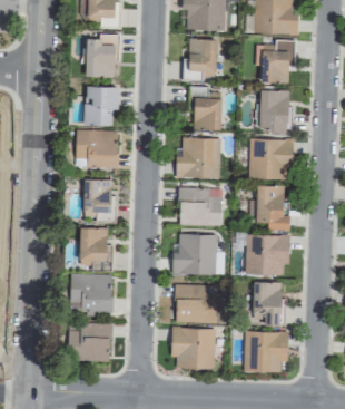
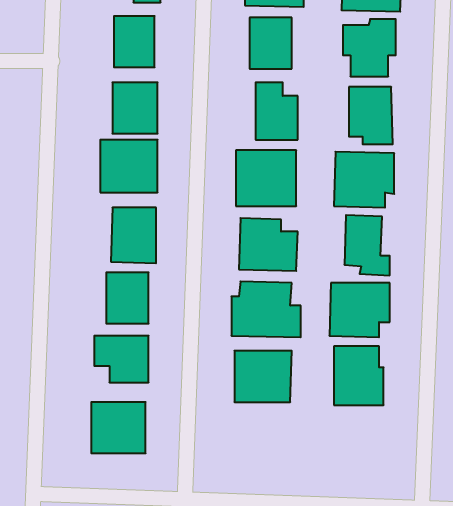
building: [170,328,215,369] -> none
building: [243,331,288,371] -> none

